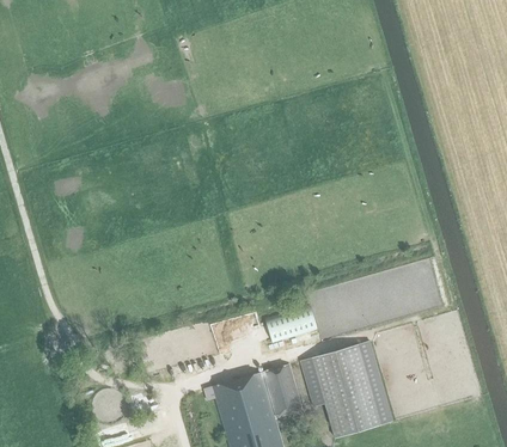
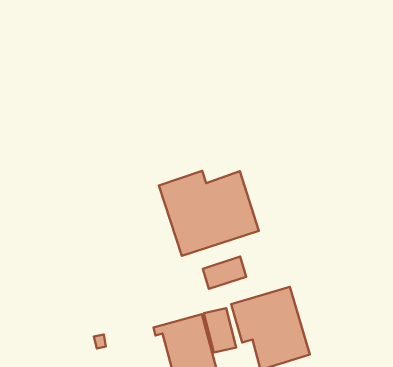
building: none -> [159,171,259,256]

